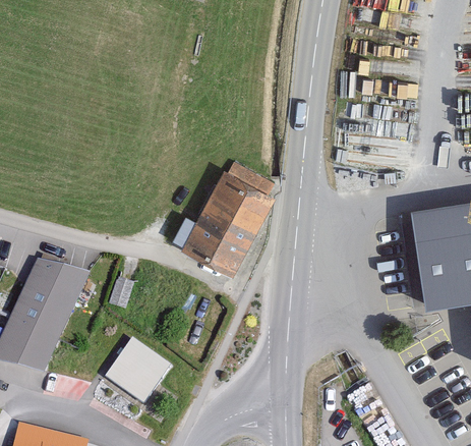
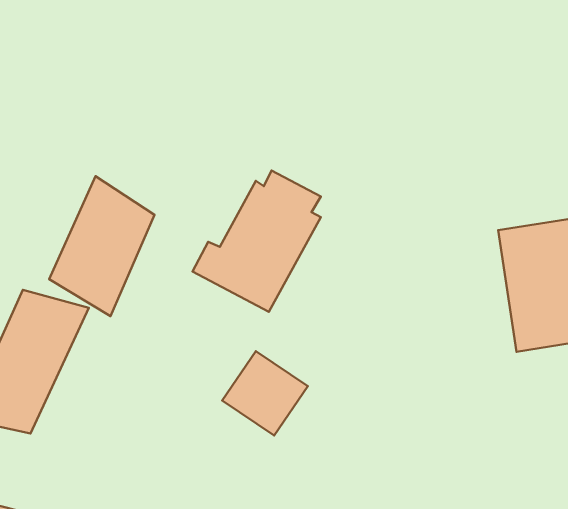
building: none -> [49,176,154,316]
building: [107,335,174,401] -> [222,351,308,435]

